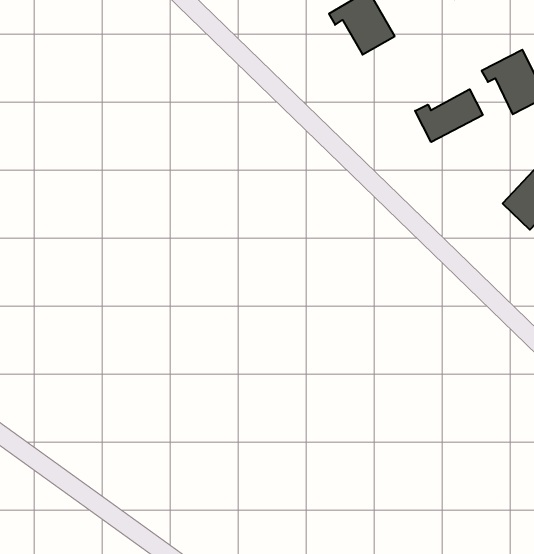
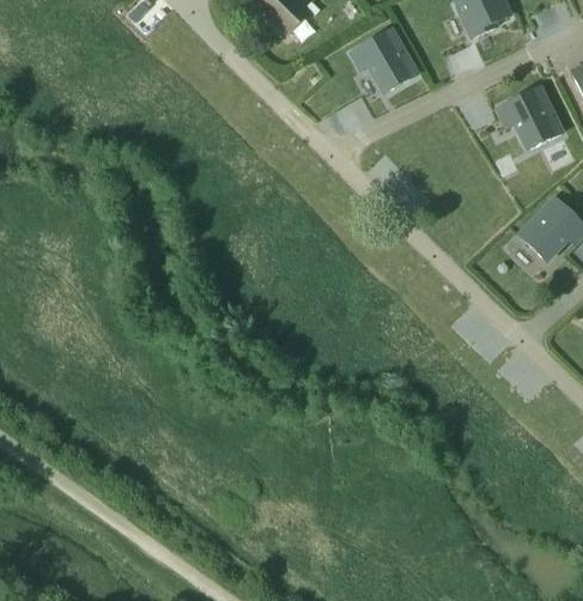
building: [415,89,483,142] -> none

